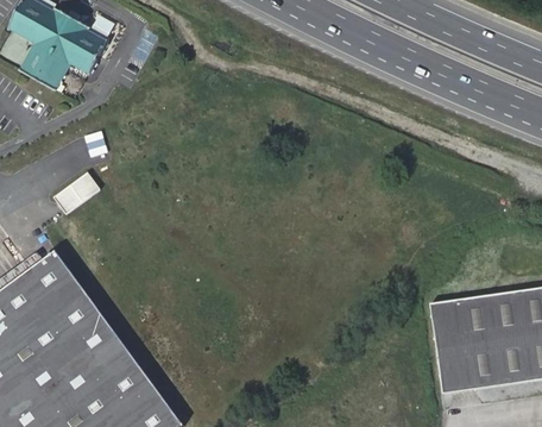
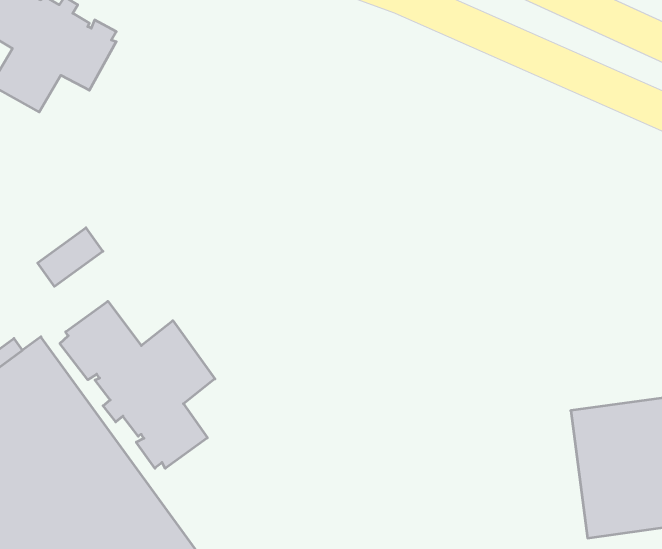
building: none -> [60,301,215,468]

